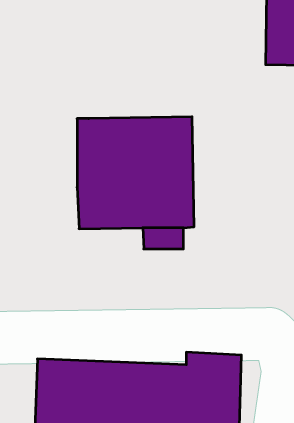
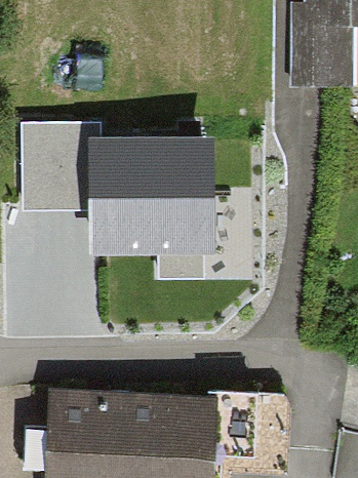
building: none -> [22,124,103,211]

